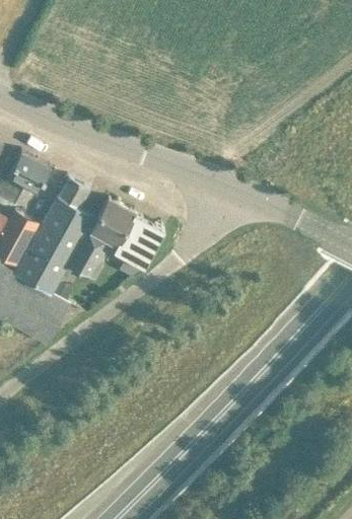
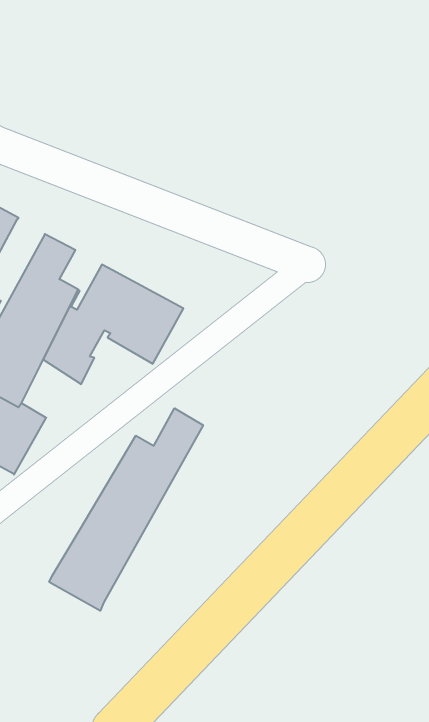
building: none -> [49,408,203,611]

